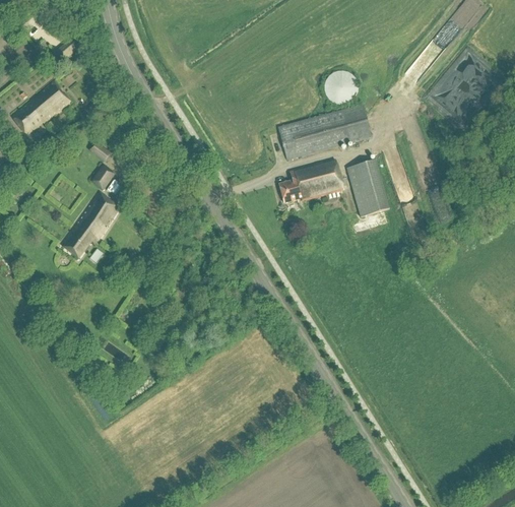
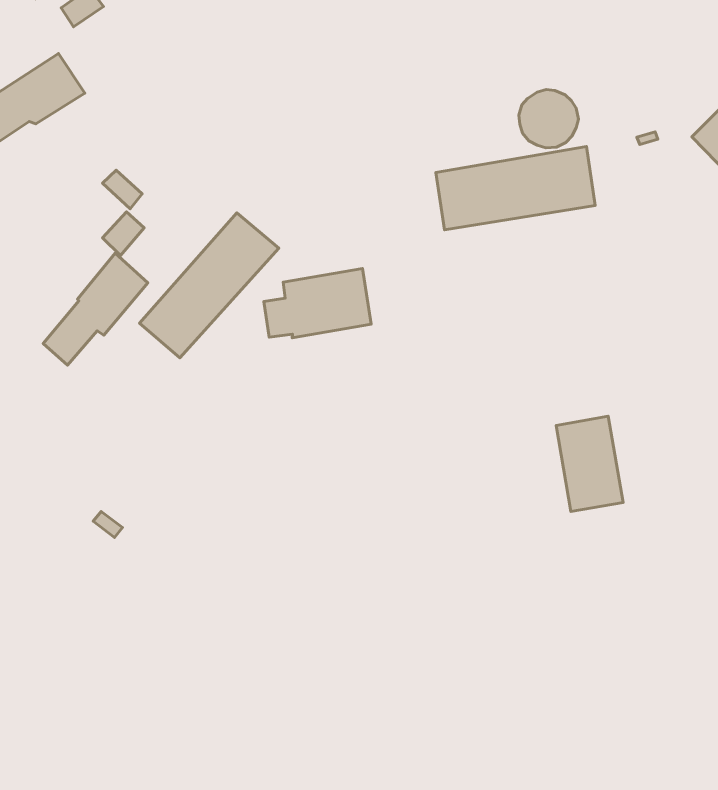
building: [281,157,344,202] -> [264,268,371,338]
building: none -> [139,213,279,358]
building: [347,162,390,218] -> [556,416,623,512]

